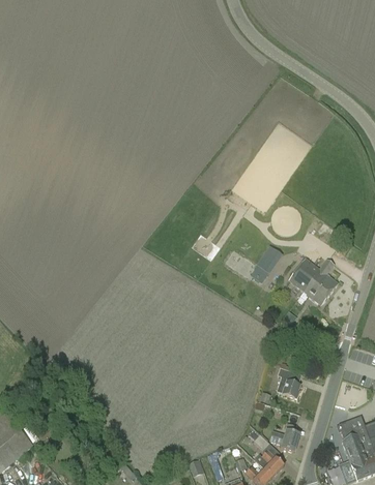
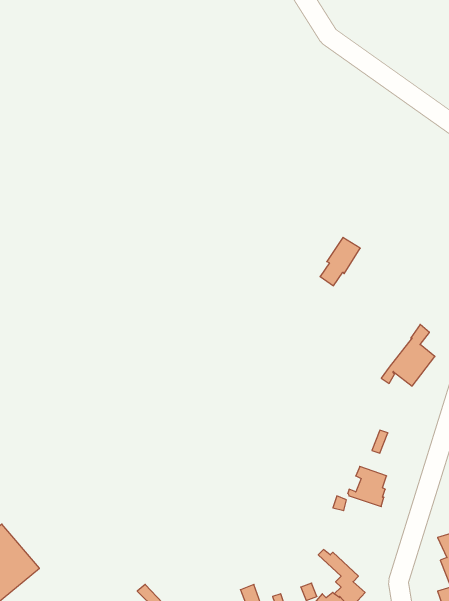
building: [251,246,282,283] -> [320,237,360,286]
building: [288,259,320,292] -> none
building: [269,424,298,453] -> none

